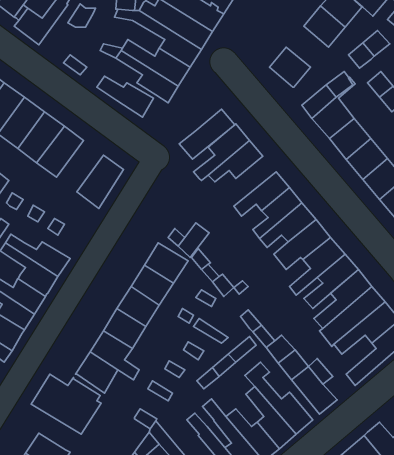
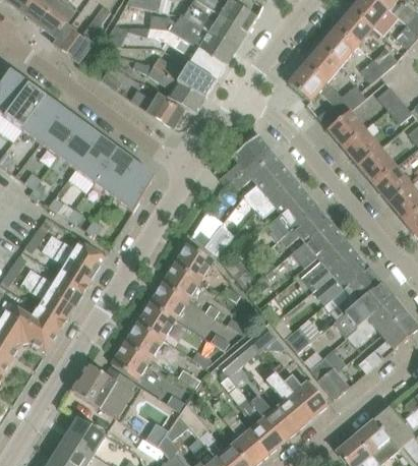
building: none -> [303,44,342,81]
building: [179,109,235,159] -> [243,163,294,209]
building: none -> [94,149,136,195]

